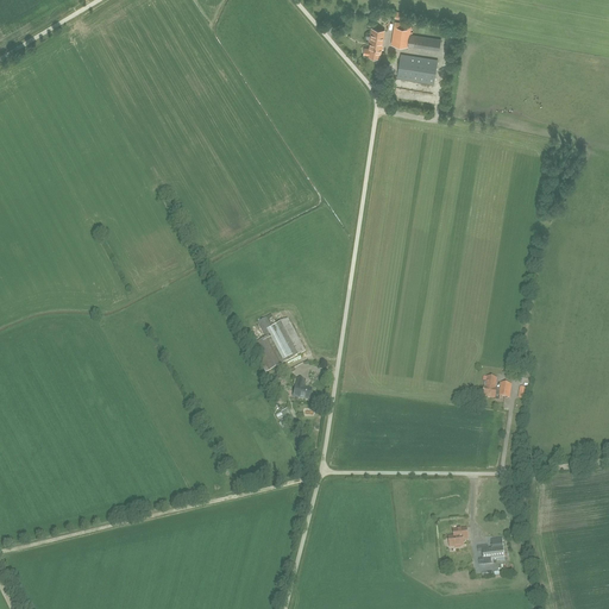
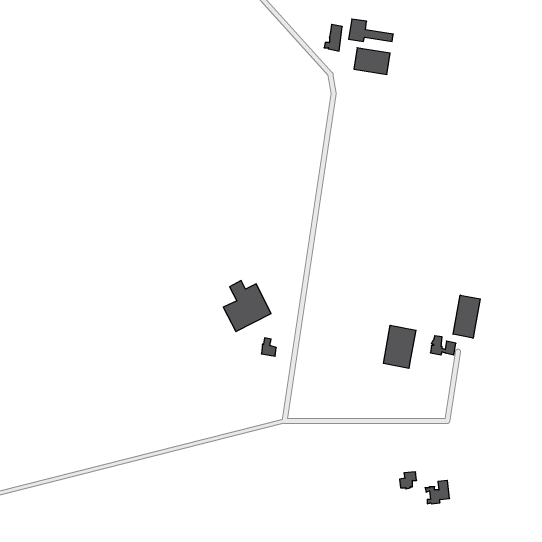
building: none -> [453,295,480,338]
building: none -> [383,325,416,368]

